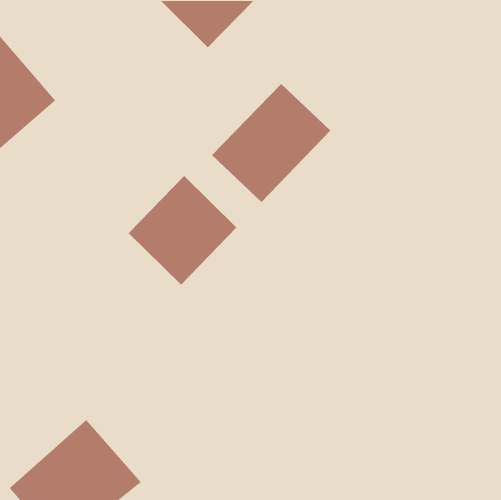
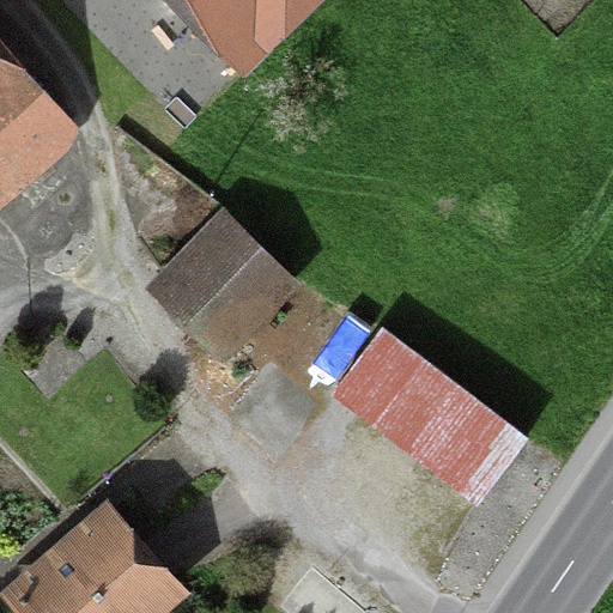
building: [211,83,331,203] -> none
building: none -> [334,328,524,498]

